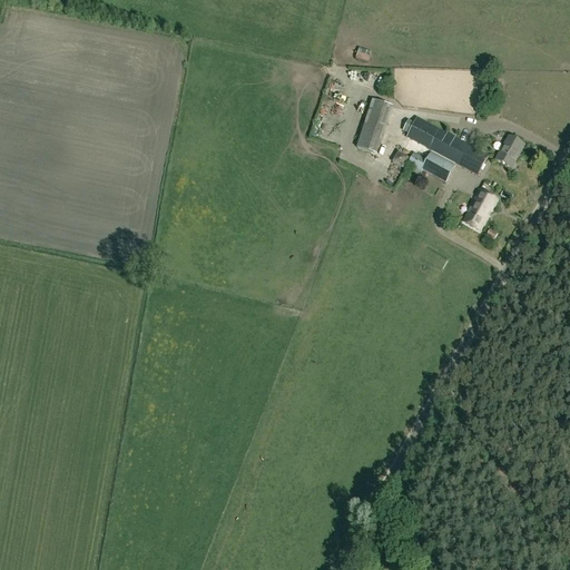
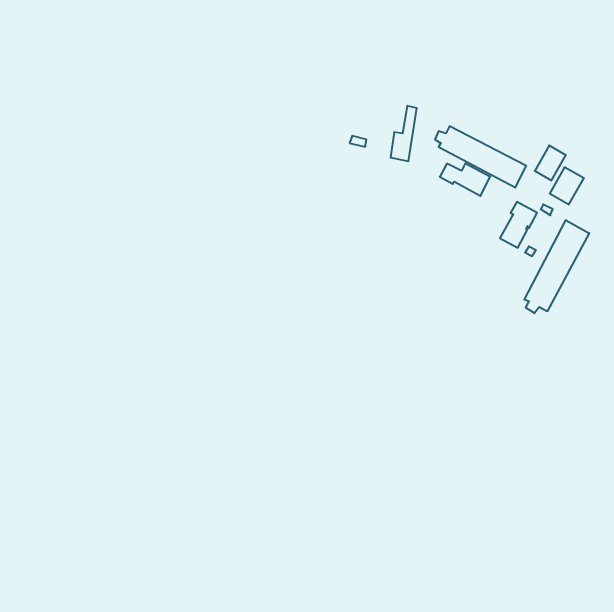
building: none -> [550,167,584,205]
building: none -> [524,220,589,313]

